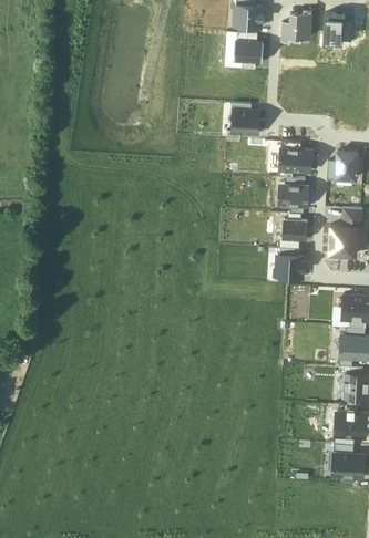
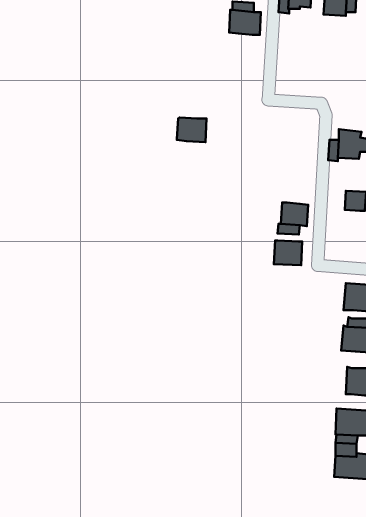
building: [232,110,259,133] -> [177,117,207,142]
building: [279,147,312,172] -> none
building: [277,184,309,207] -> none
building: [329,225,357,256] -> none

